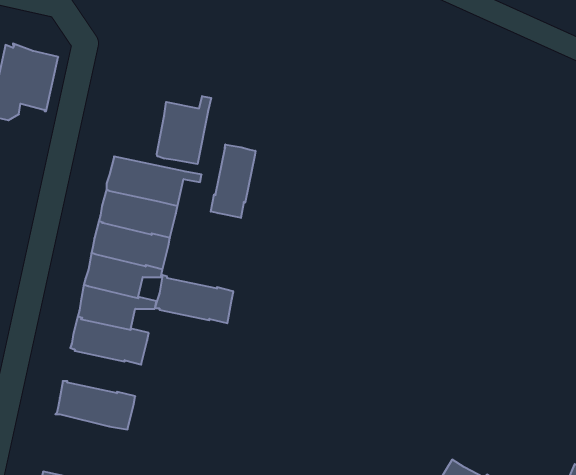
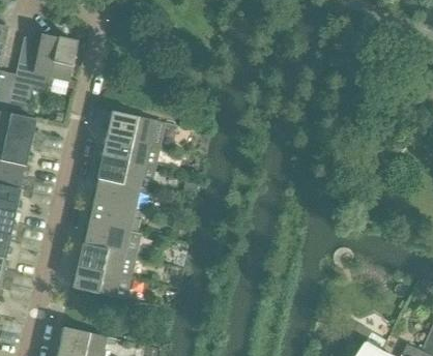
building: [157,96,211,164] -> none
building: [211,144,255,218] -> none
building: [155,275,233,323] -> [79,243,133,276]

